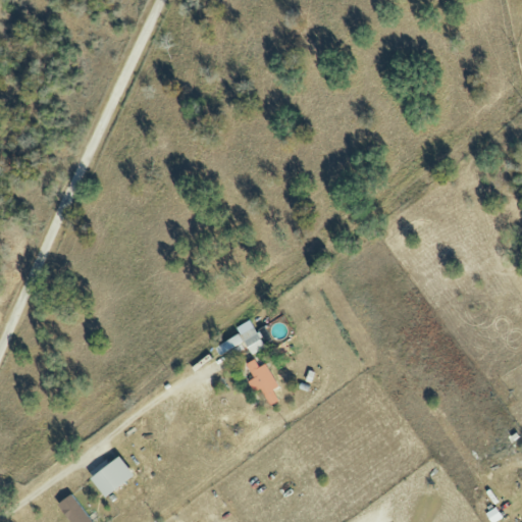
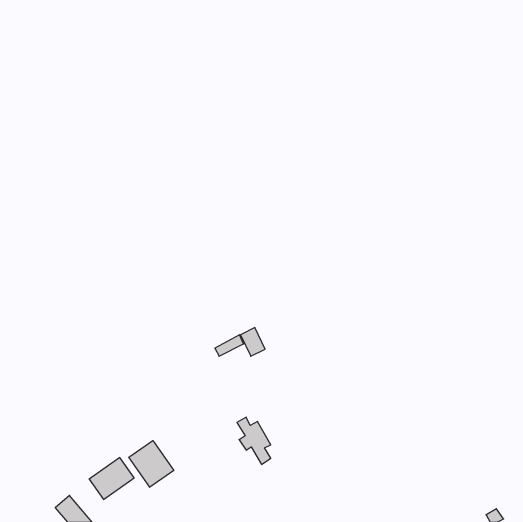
building: [245,359,278,406] -> [237,417,271,464]
building: none -> [129,441,174,487]

